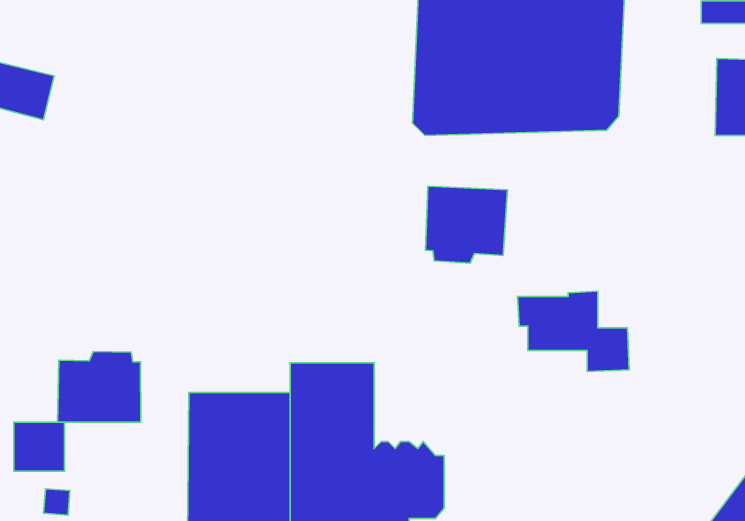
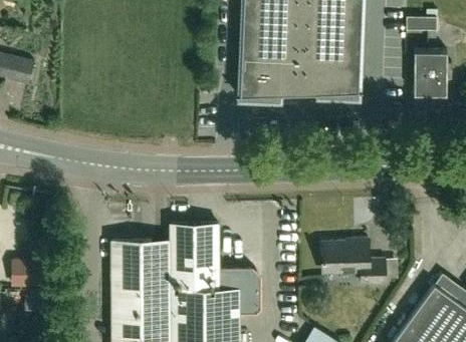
building: [426,186,508,263] -> none
building: [517,291,629,372] -> [322,239,387,285]
building: [57,351,141,422] -> none

